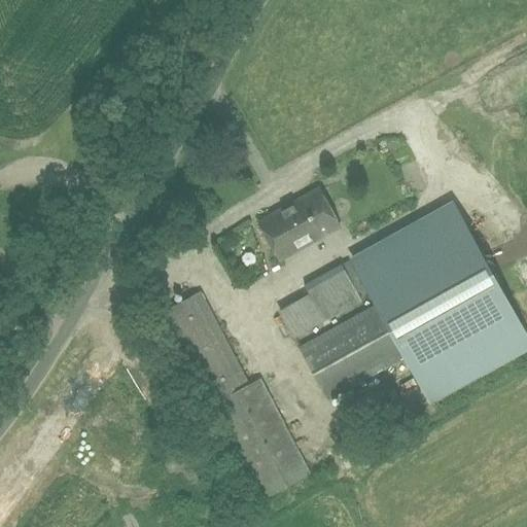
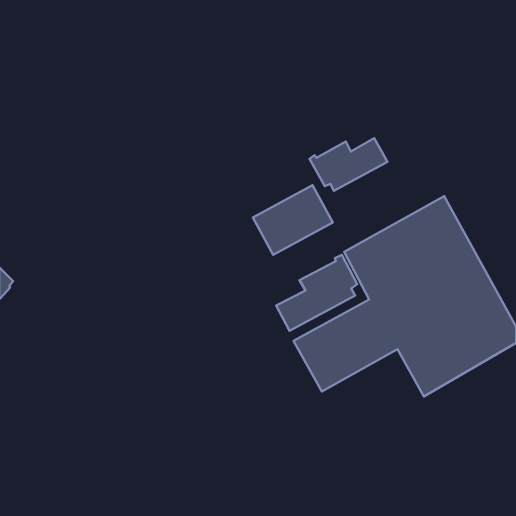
building: none -> [309,138,387,191]
building: [164,292,310,499] -> none

